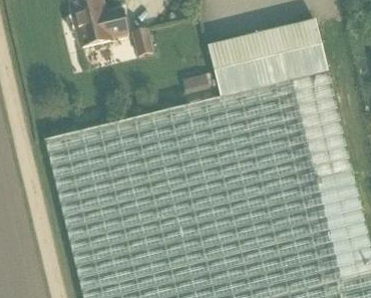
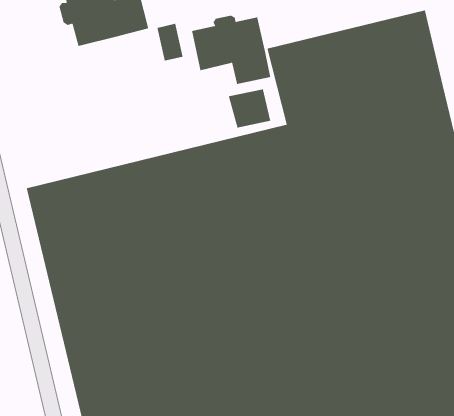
building: none -> [191,15,271,85]

